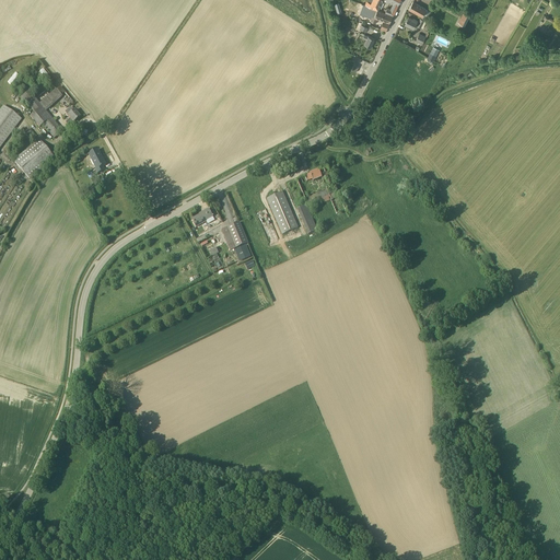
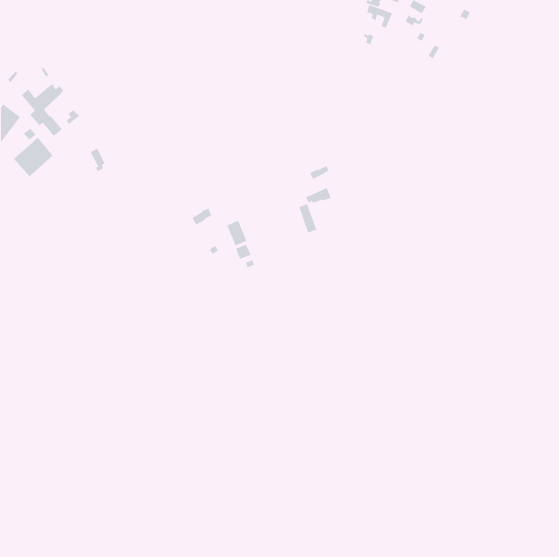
building: [267,190,298,233] -> none

